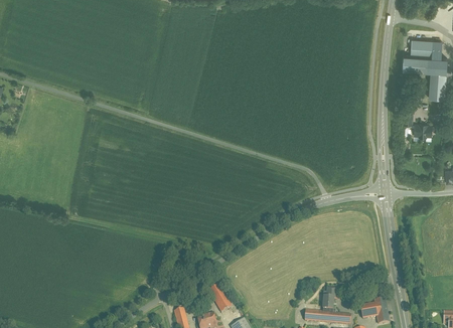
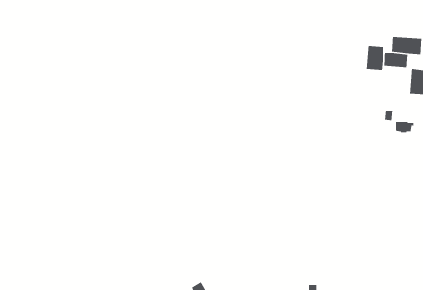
building: none -> [366,45,384,71]

